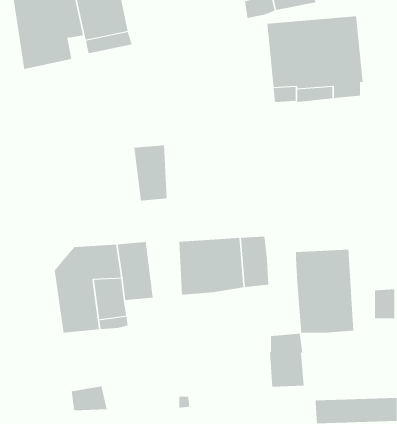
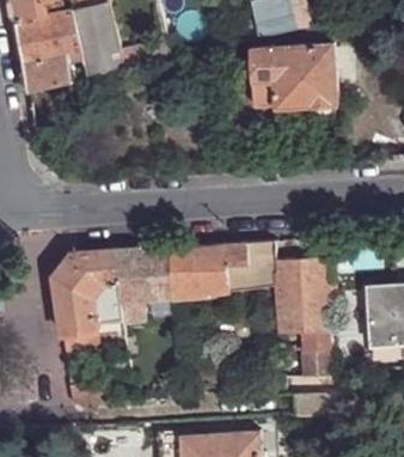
building: [133,145,168,201] -> [137,249,169,300]
building: none -> [245,242,274,288]
building: [269,333,304,387] -> [298,330,330,379]

